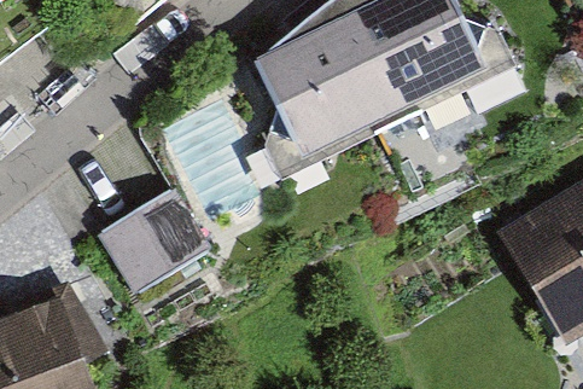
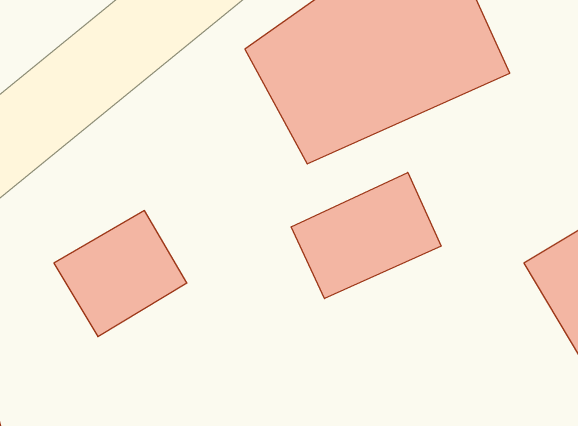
building: none -> [291,172,441,299]

